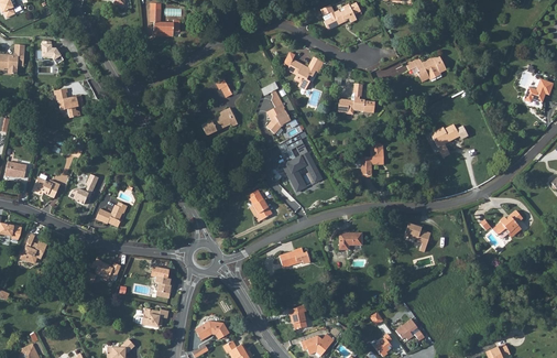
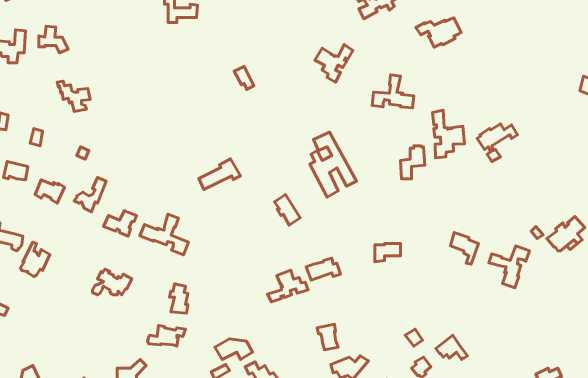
building: [405,55,446,82] -> [416,18,461,47]
building: [264,88,288,131] -> none
building: [201,108,239,135] -> [199,159,240,189]
building: none -> [433,110,465,158]
building: none -> [140,214,189,255]
building: none -> [489,246,529,288]
building: none -> [268,270,308,302]

